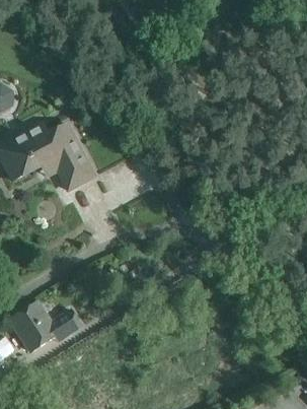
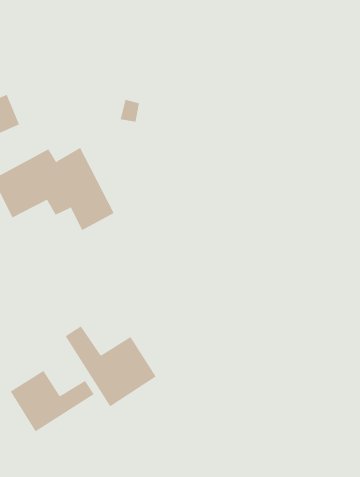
building: none -> [65,325,157,407]

